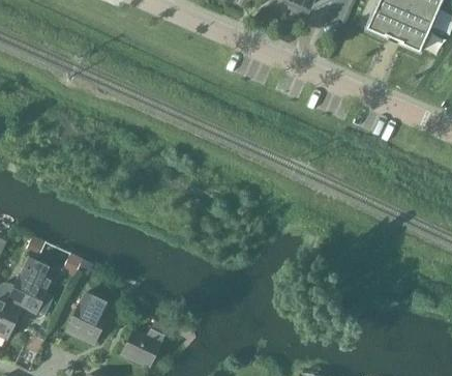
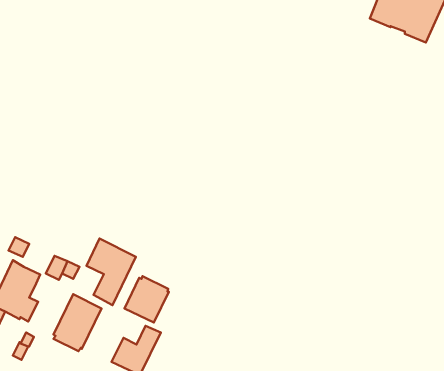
building: none -> [87,239,136,305]
building: none -> [124,276,169,323]

